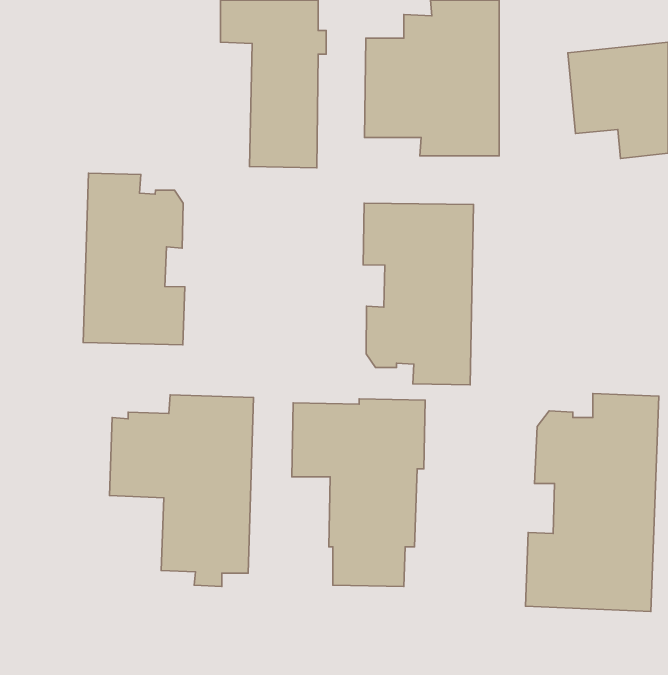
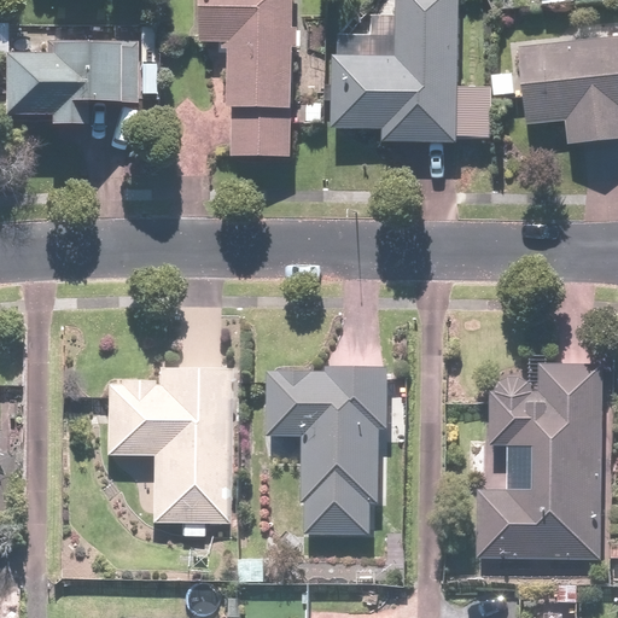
building: none -> [7,37,123,124]
building: [83,173,185,345] -> none
building: [363,203,474,385] -> none

